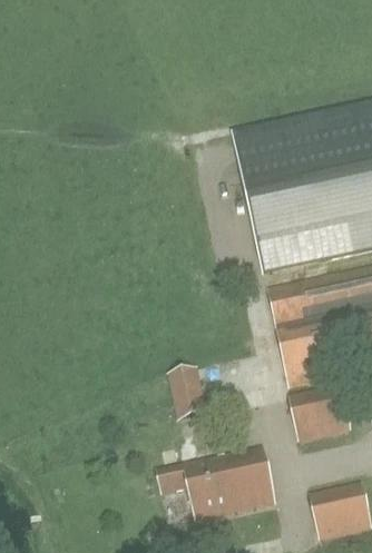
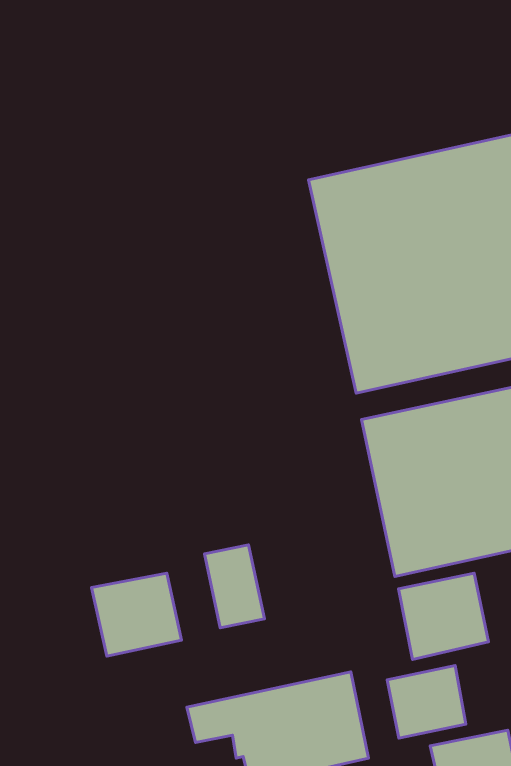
building: none -> [92,573,182,656]
building: none -> [387,665,466,738]

